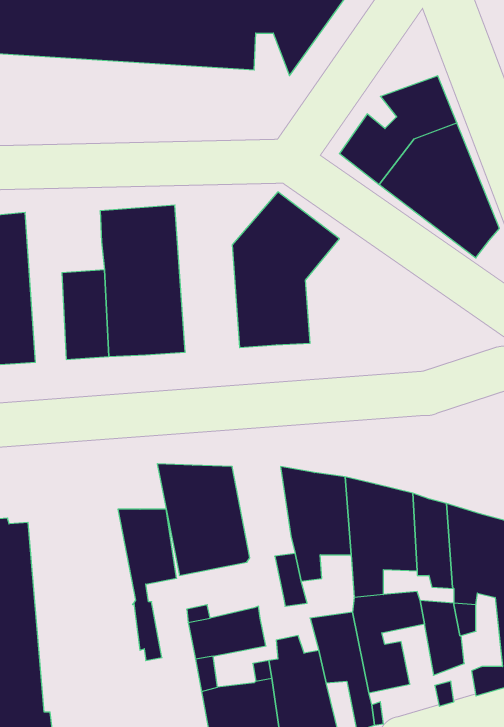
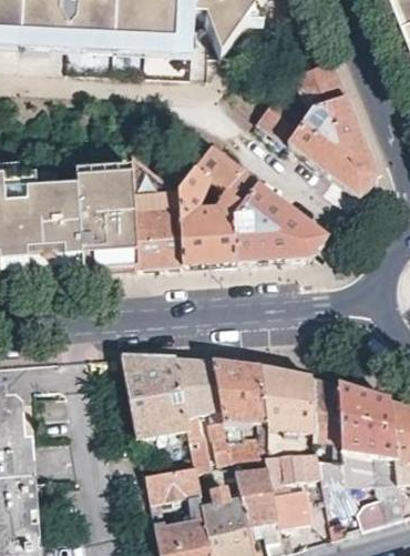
building: none -> [133,154,183,269]
building: none -> [21,160,81,276]
building: none -> [233,183,329,262]
building: [118,509,177,661] -> [177,355,222,469]

